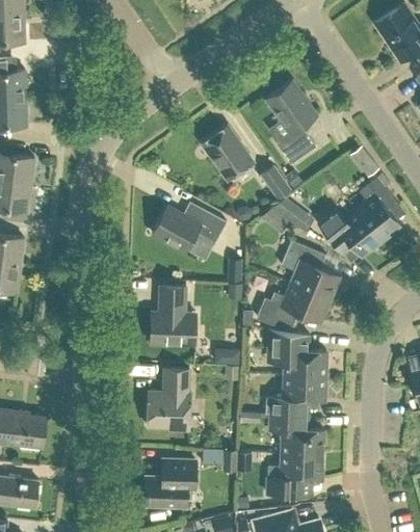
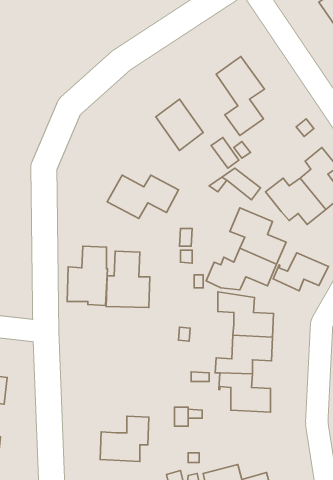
building: none -> [273,253,328,291]
building: [148,369,190,431] -> [67,246,108,305]
building: [267,453,323,496] -> none

